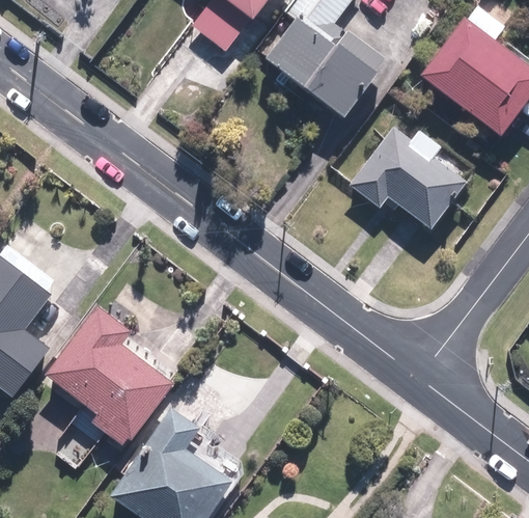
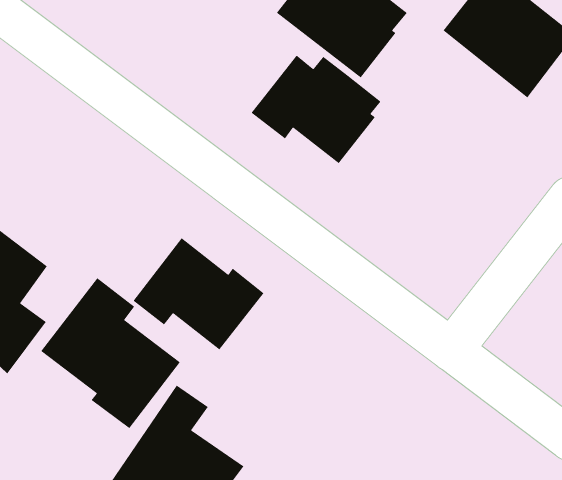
building: [349,129,470,230] -> [251,55,381,164]
building: none -> [133,237,264,351]

